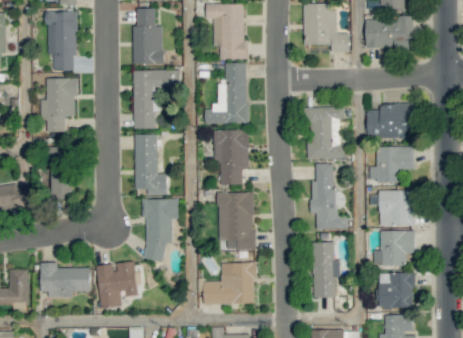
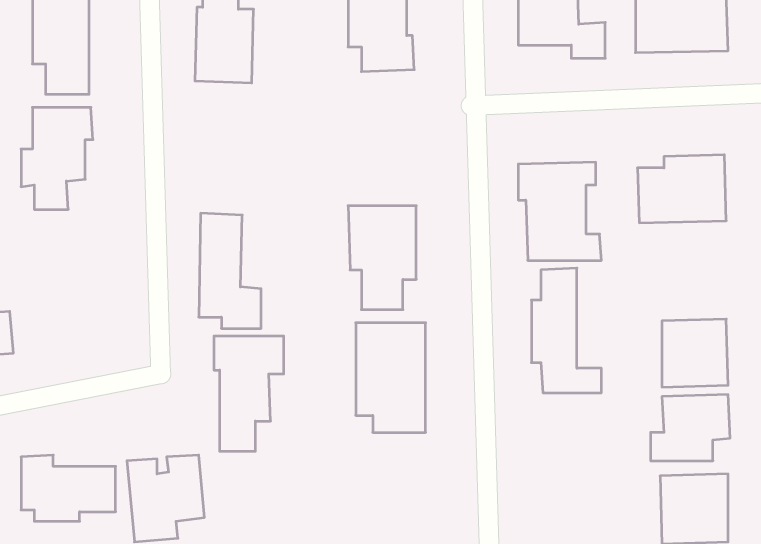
building: [204,63,248,123] -> none
building: [133,70,180,129] -> none
building: [369,146,414,182] -> none
building: [49,147,72,199] -> none
building: [311,242,340,298] -> none
building: [203,263,255,304] -> none

